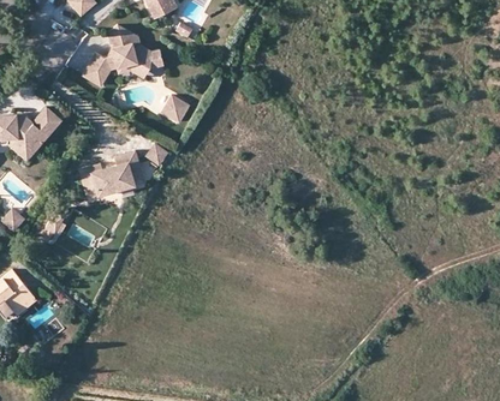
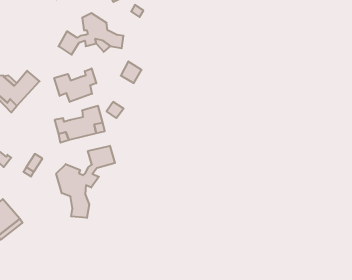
building: none -> [54,68,96,102]
building: none -> [56,146,115,218]

